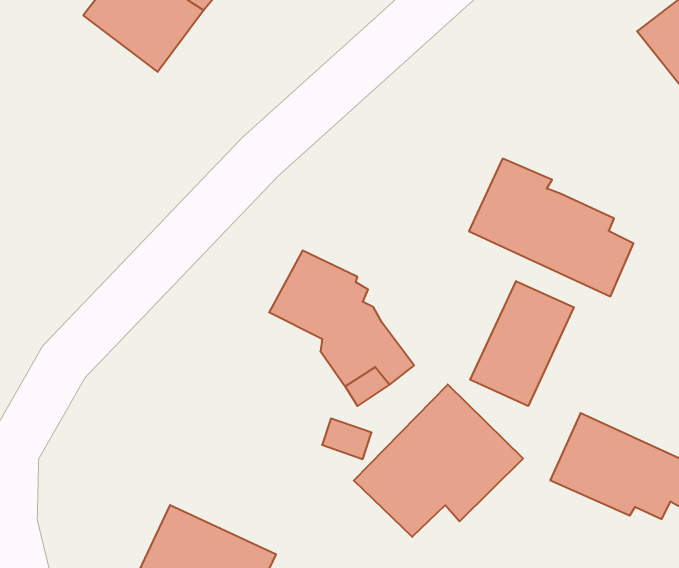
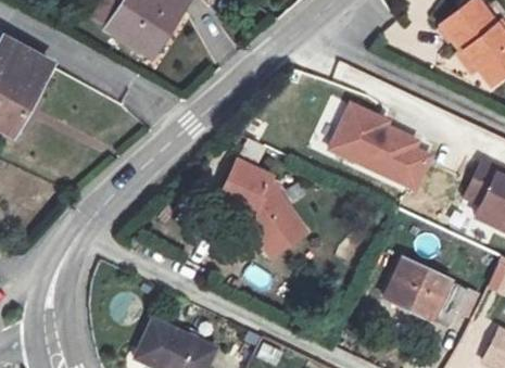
building: [470,281,574,406] -> none
building: [354,384,523,537] -> none

